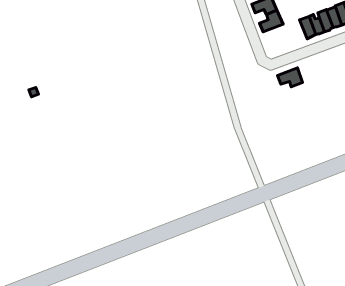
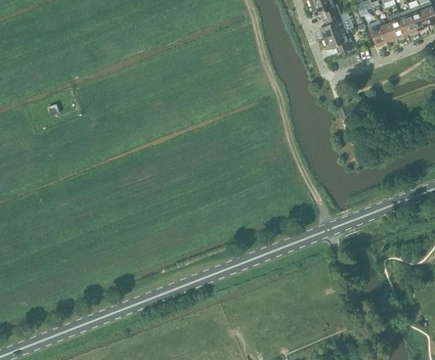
building: [277,68,303,87] -> [324,29,354,51]

